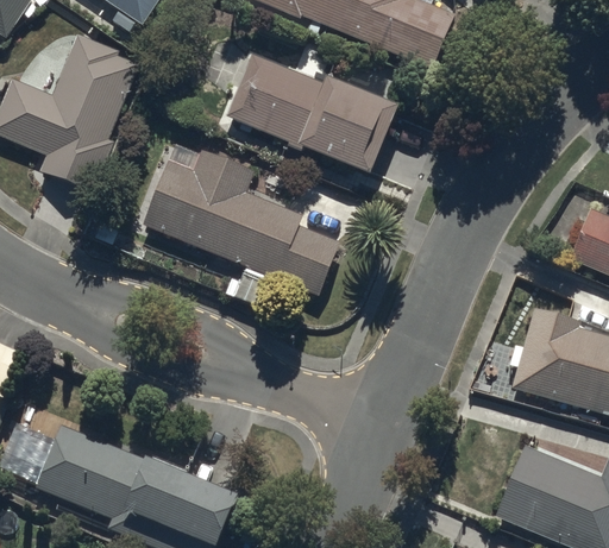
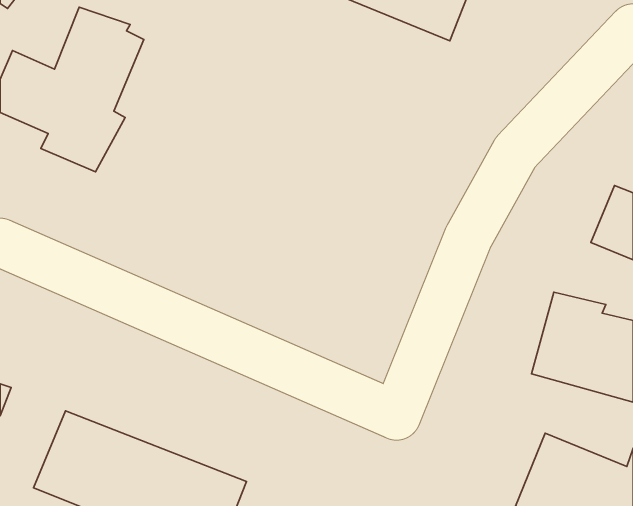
building: [221,50,396,169] -> none
building: [145,149,340,295] -> none

